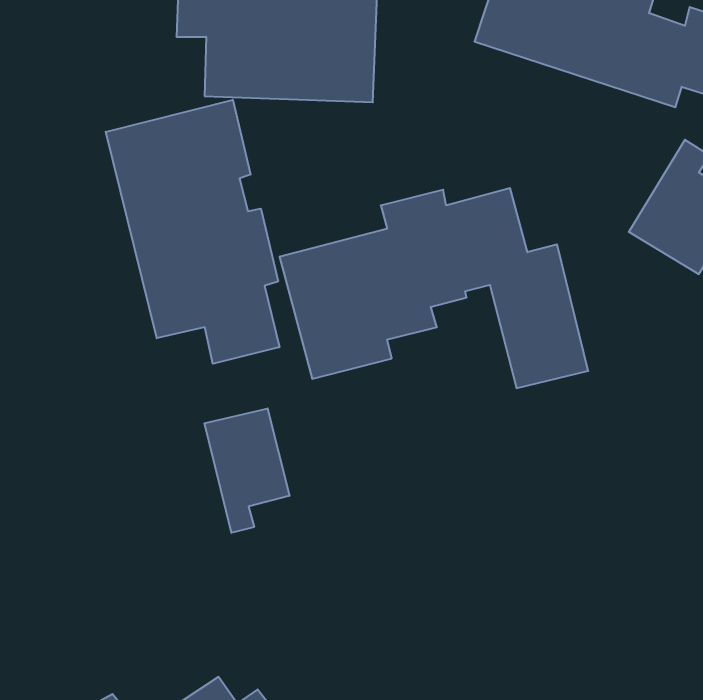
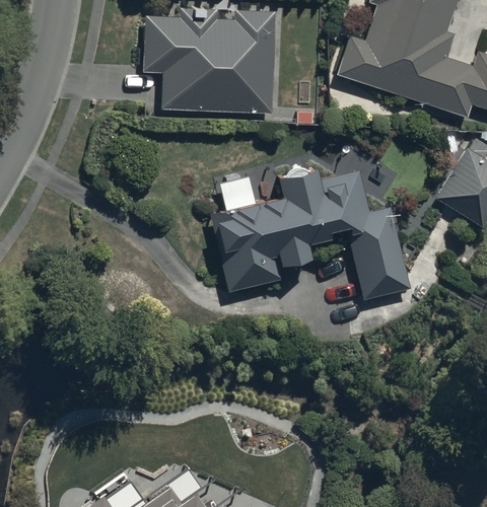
building: [106,100,279,364] -> none
building: [204,408,289,533] -> none

